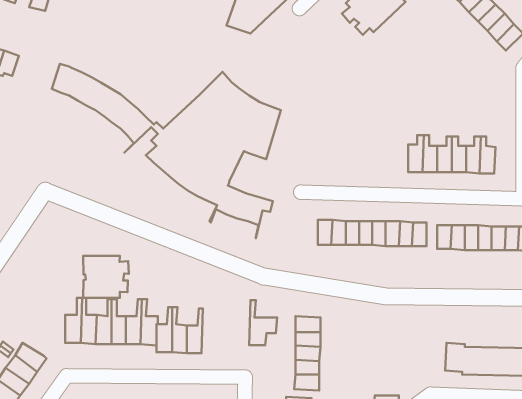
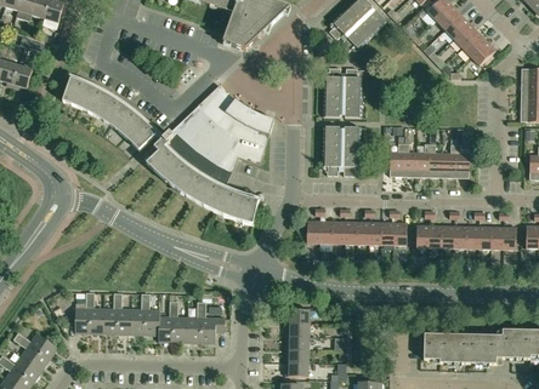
building: none -> [324,68,362,118]
building: none -> [323,126,361,176]
building: [83,256,129,298] -> none
building: [249,300,277,345] -> [200,302,226,343]

